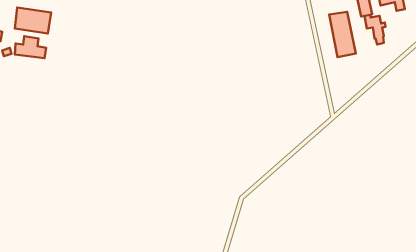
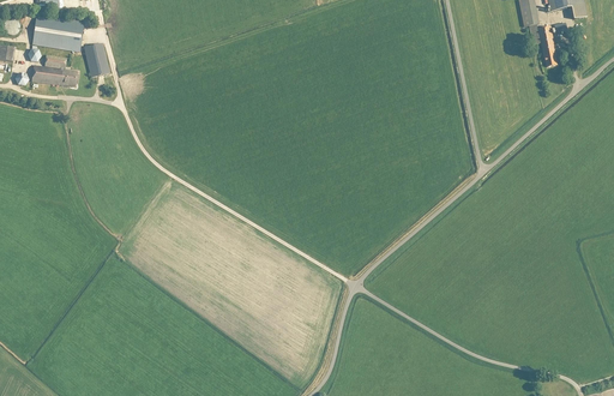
building: [329,12,356,57] -> none
building: none -> [84,43,109,77]

